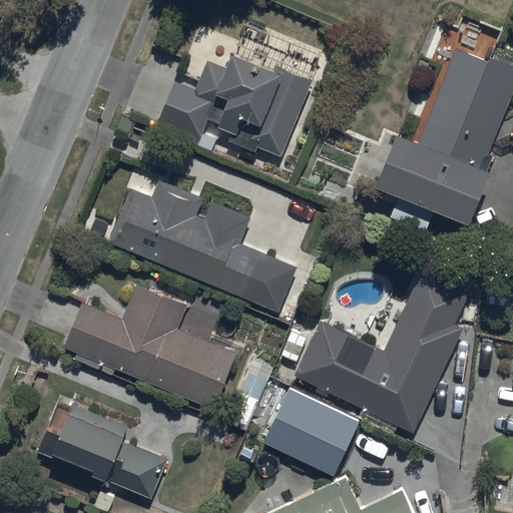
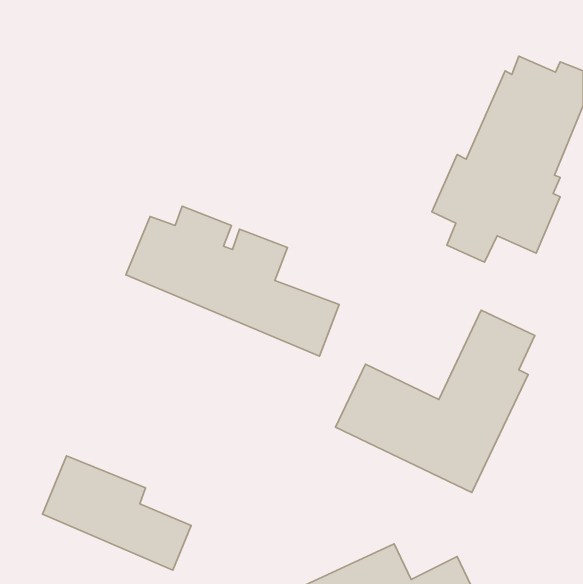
building: [157,55,312,156] -> none
building: [64,287,236,408] -> none
building: [265,390,359,475] -> none

